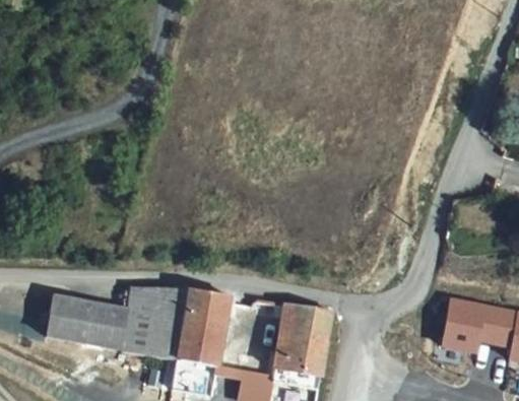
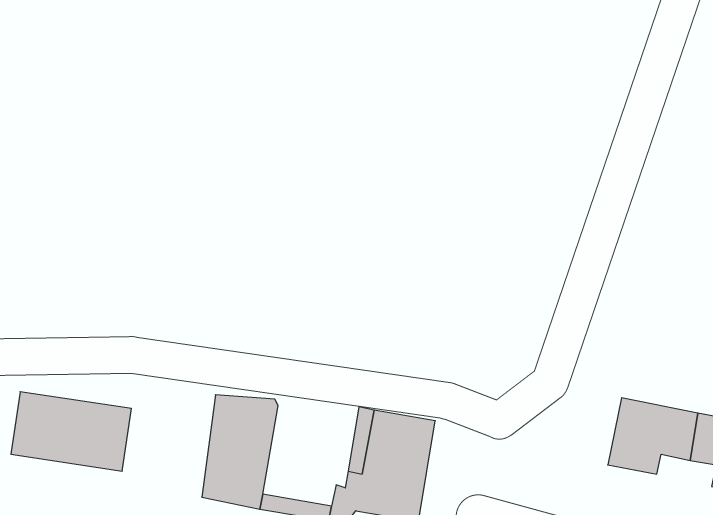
building: [122,289,185,364] -> none

